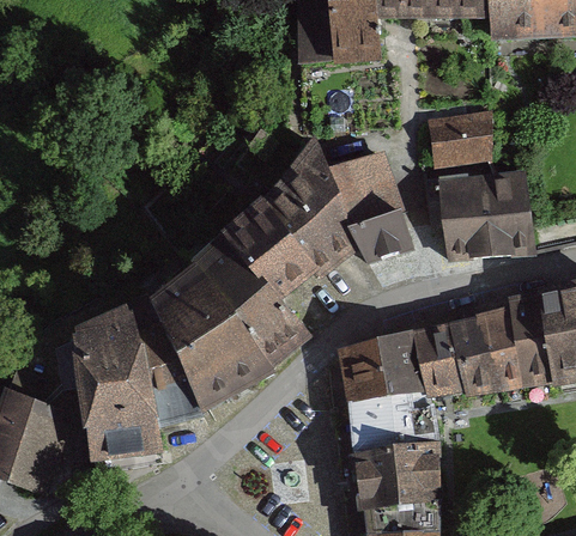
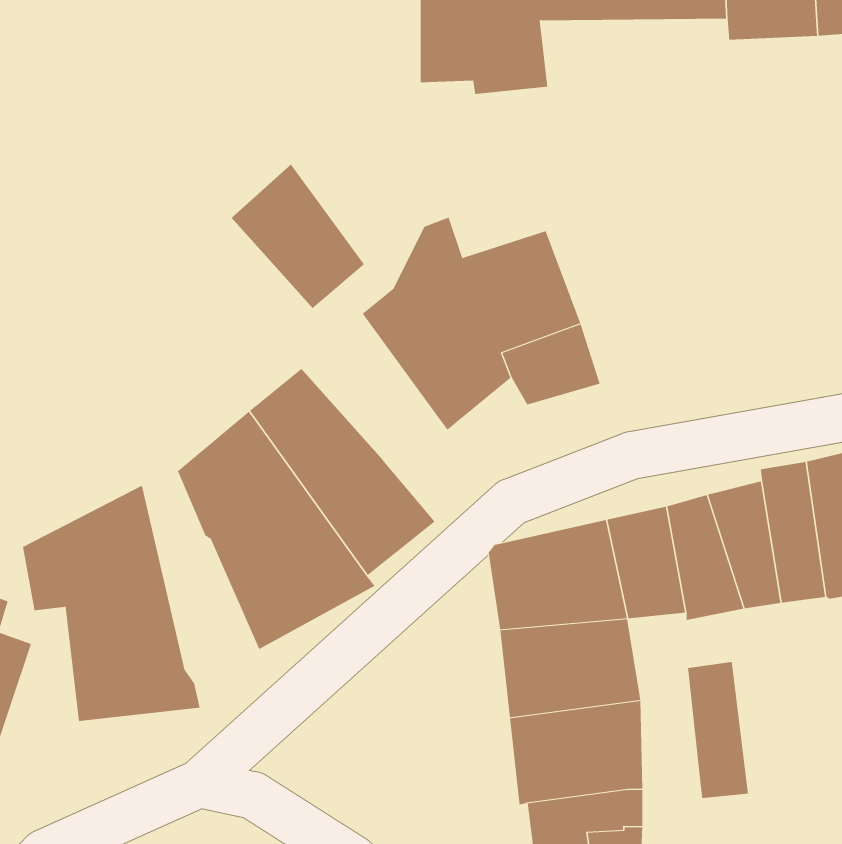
building: [431,109,489,159] -> none
building: [426,175,532,257] -> none
building: [226,205,309,294] -> [231,163,365,309]
building: [128,302,200,424] -> none
building: none -> [688,661,749,799]

